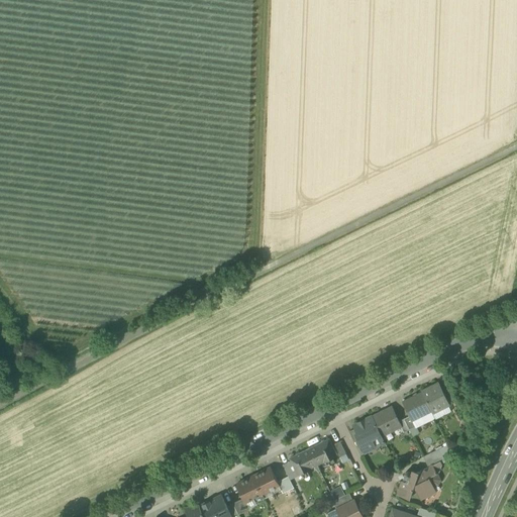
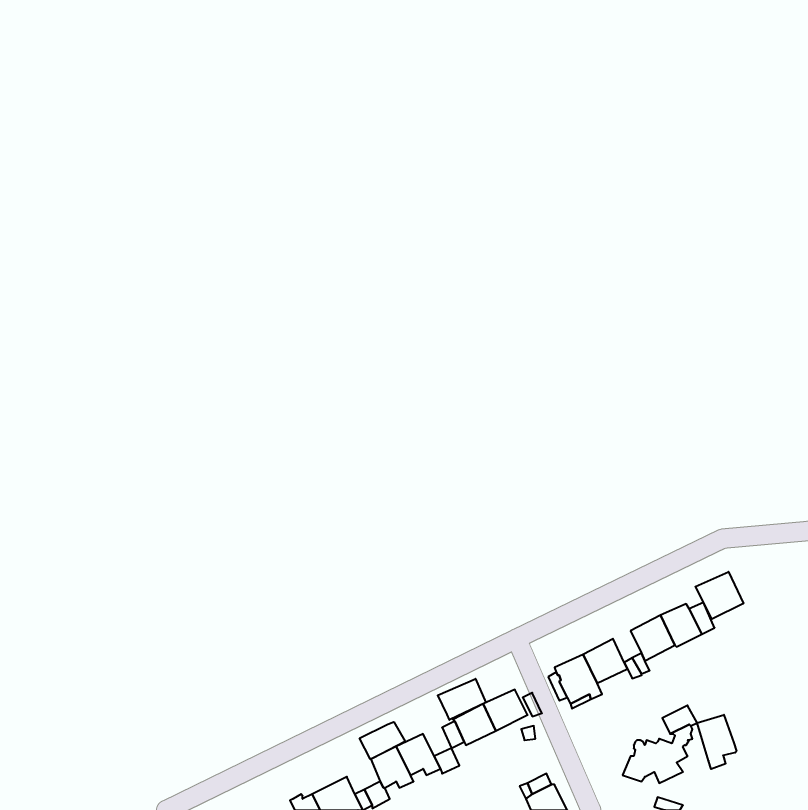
building: none -> [695,572,743,619]
building: none -> [438,679,486,720]
building: none -> [697,715,736,769]
building: none -> [360,722,405,759]

